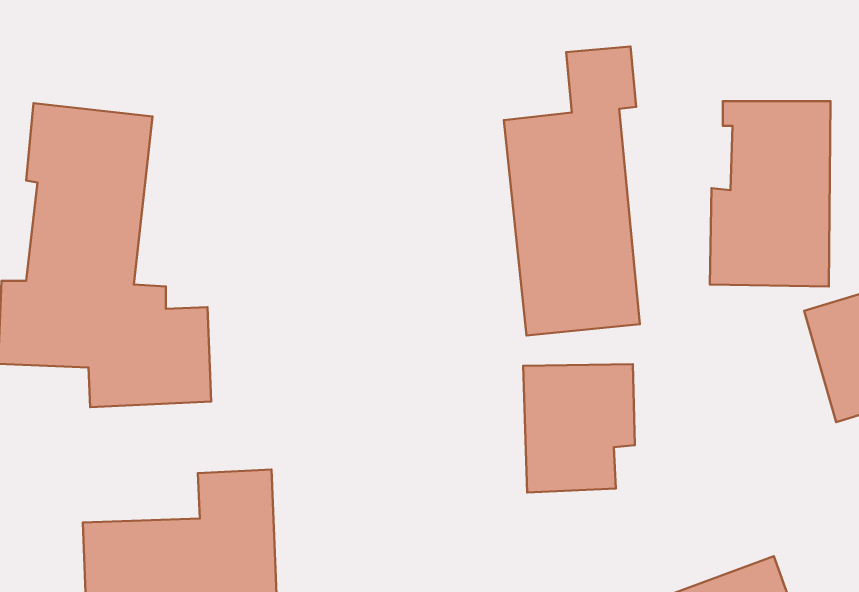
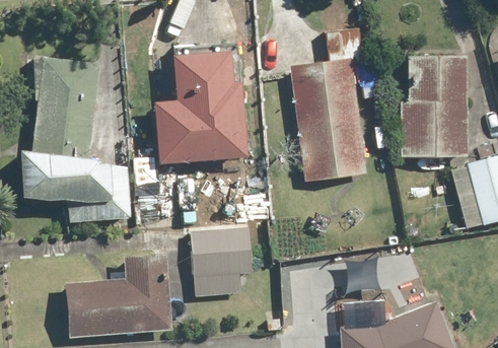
building: none -> [153,51,247,162]
building: [523,364,635,492] -> [191,227,251,296]

